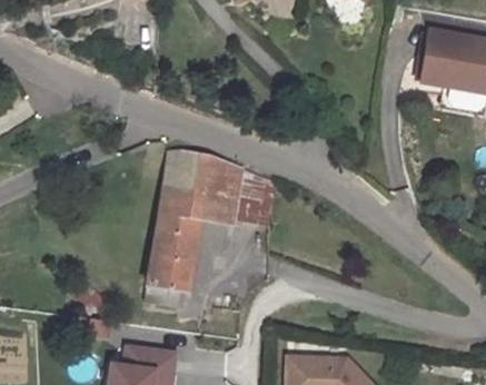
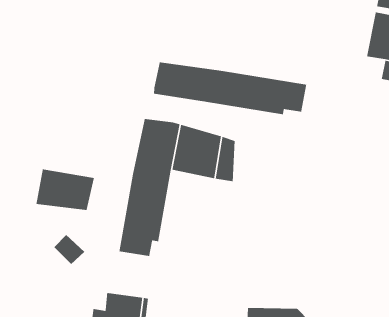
building: none -> [153,62,307,115]
building: none -> [36,168,95,211]

